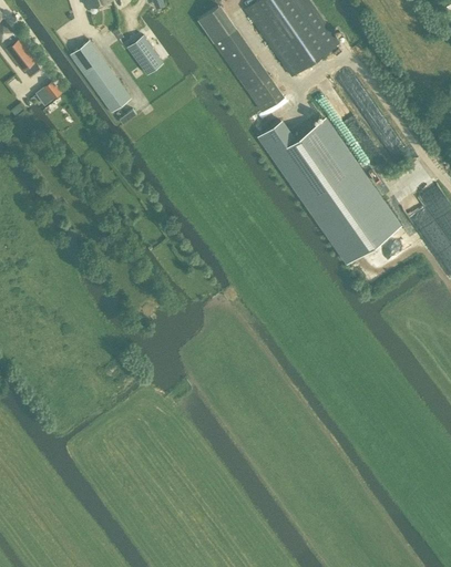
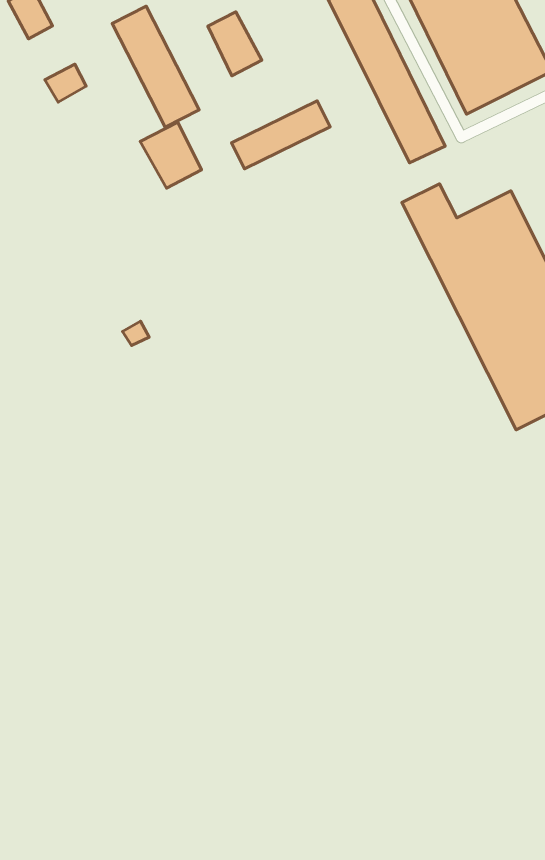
building: none -> [232,101,330,169]
building: none -> [140,122,202,188]

